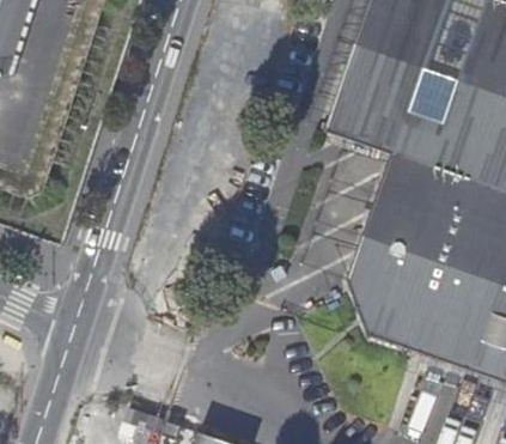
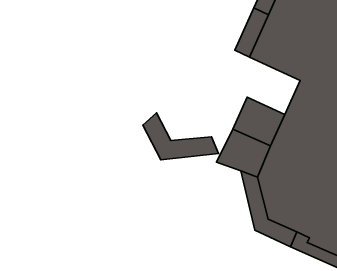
building: [352,123,416,185] -> none
building: none -> [143,113,218,160]

